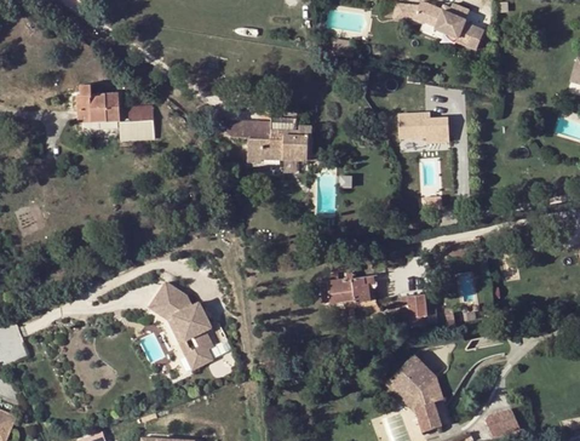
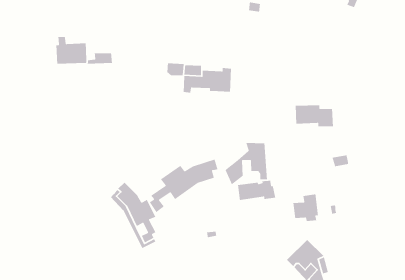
building: [397,111,449,142] -> [295,104,334,127]
building: [119,121,154,141] -> none
building: none -> [225,142,268,185]
building: none -> [149,158,218,213]

